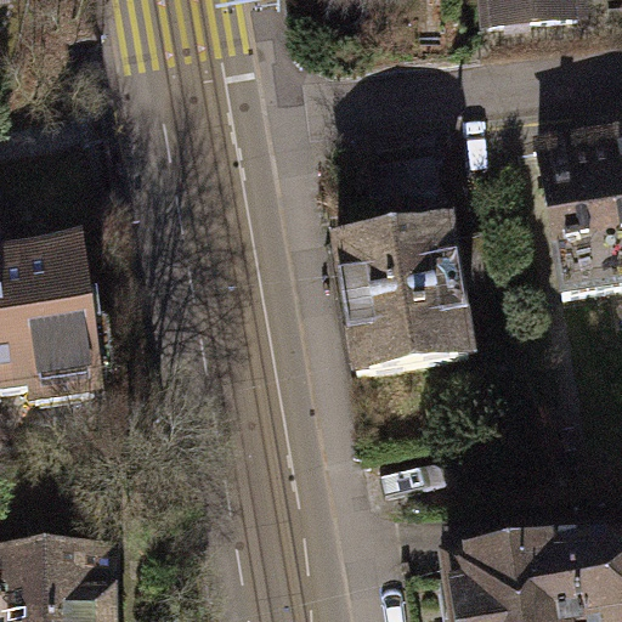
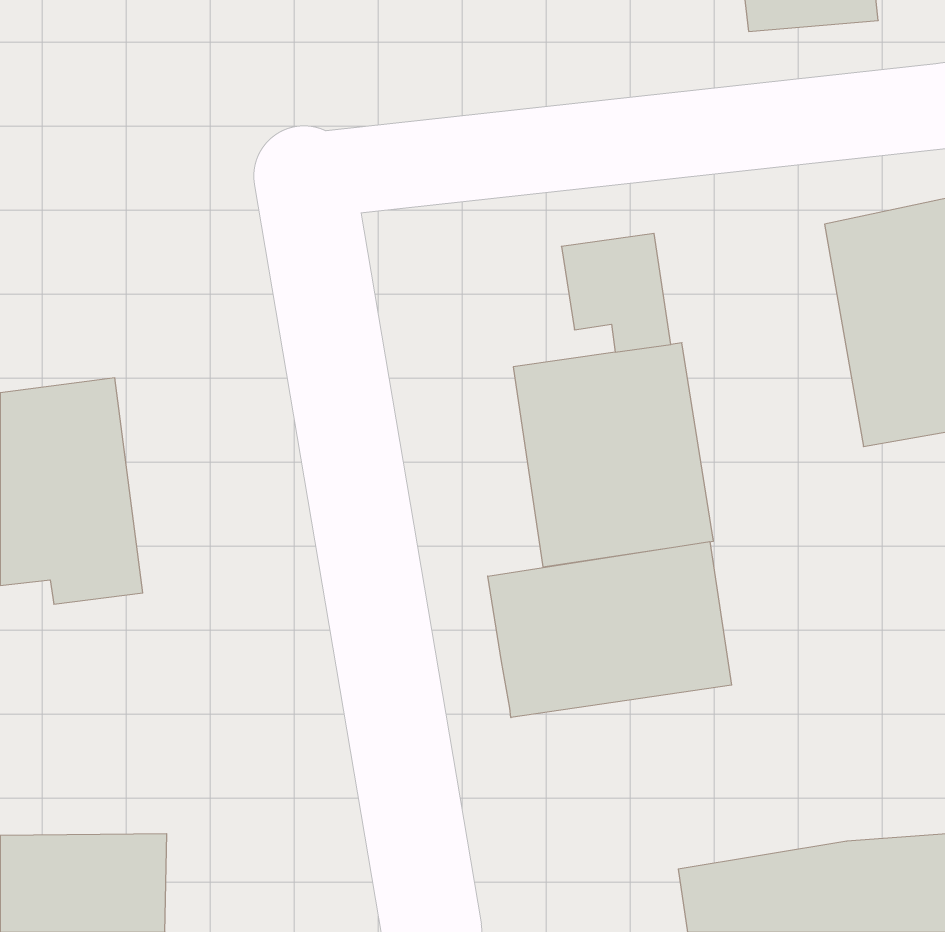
building: none -> [488,542,732,718]

